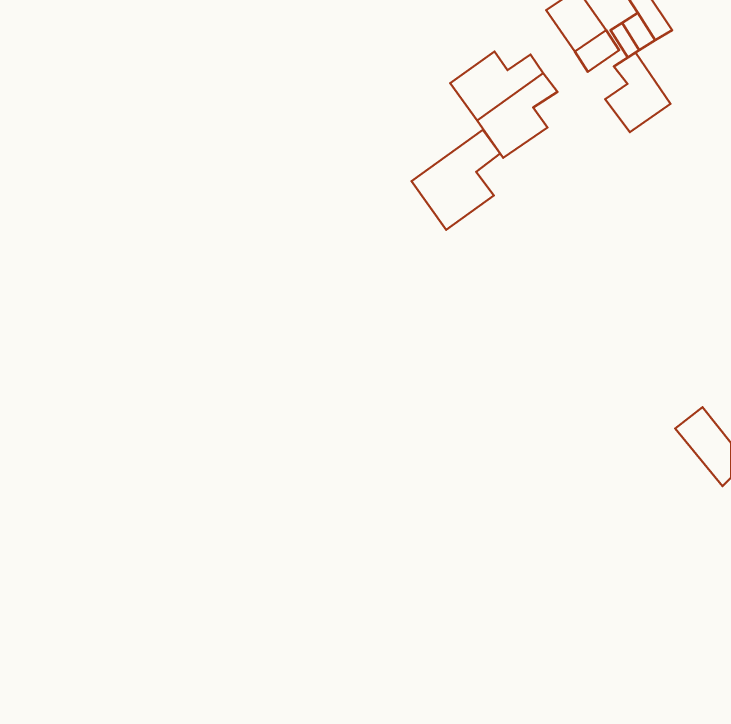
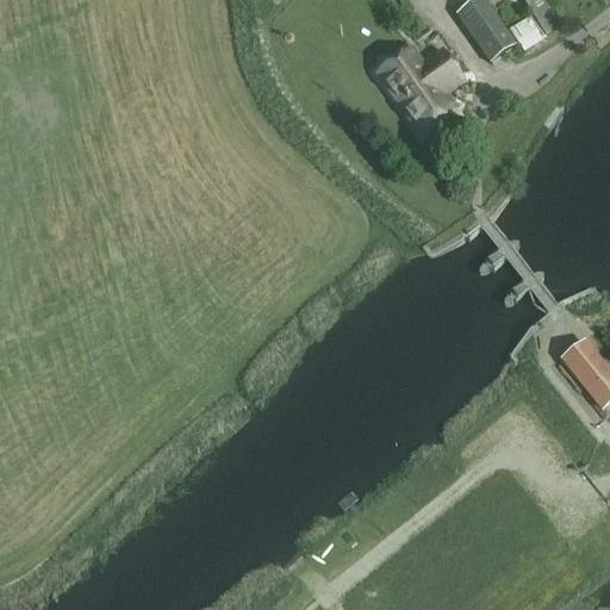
building: [605,53,670,132] -> none
building: [412,130,500,230] -> none

